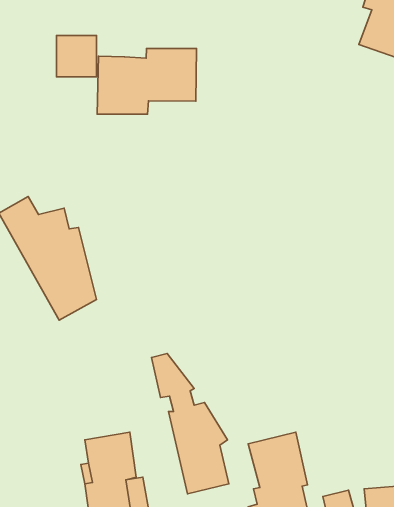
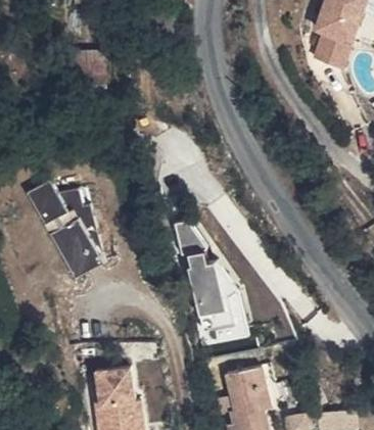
building: [97,48,196,114] -> none
building: [152,354,229,494] -> [174,221,235,332]

